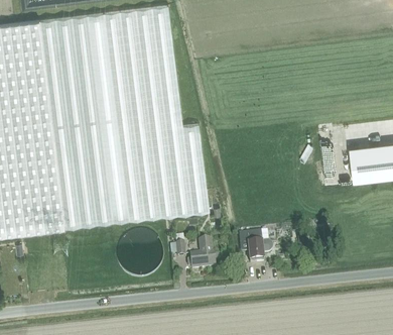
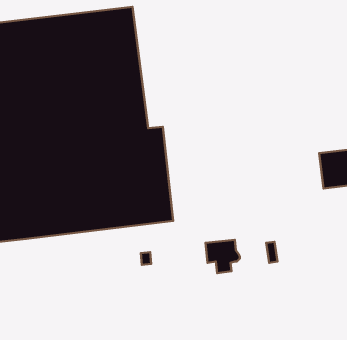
building: [186,241,215,269] -> none

